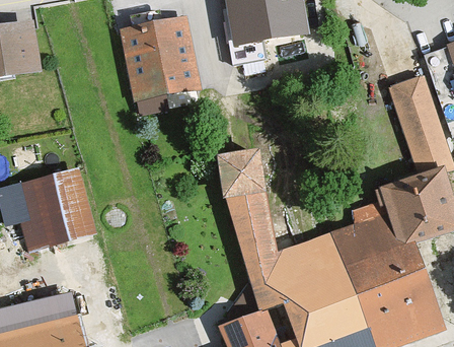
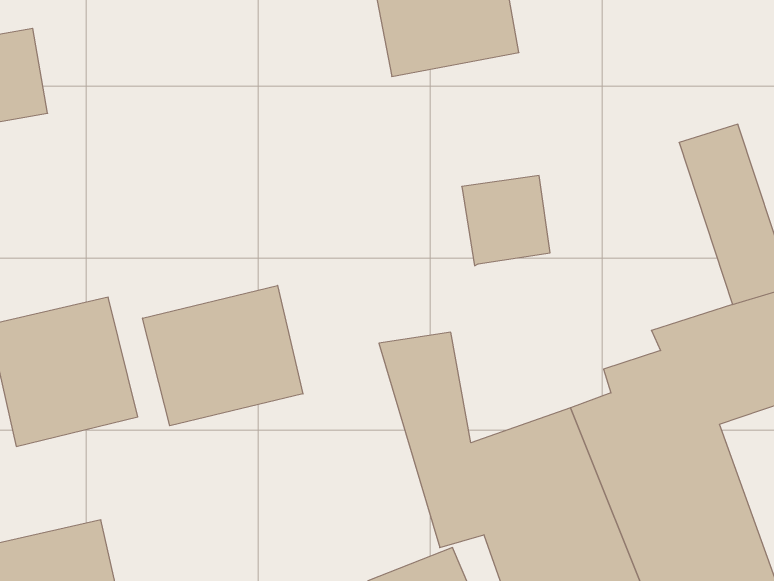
building: [122,14,203,102] -> none
building: [217,147,266,197] -> [462,176,550,266]
building: none -> [143,285,303,426]

